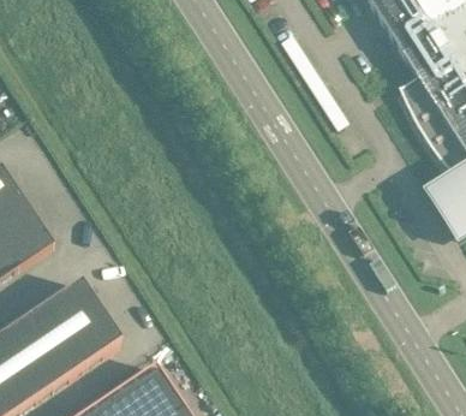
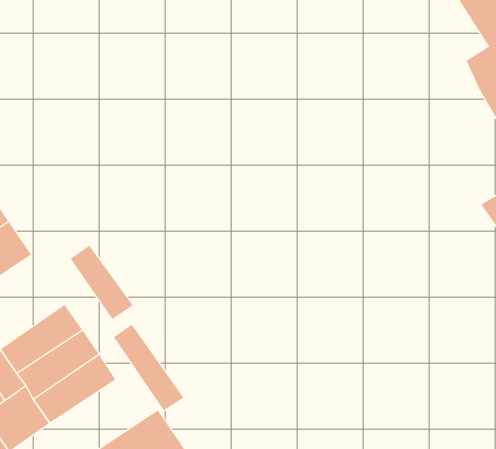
building: none -> [70,245,133,320]
building: none -> [113,324,184,411]

